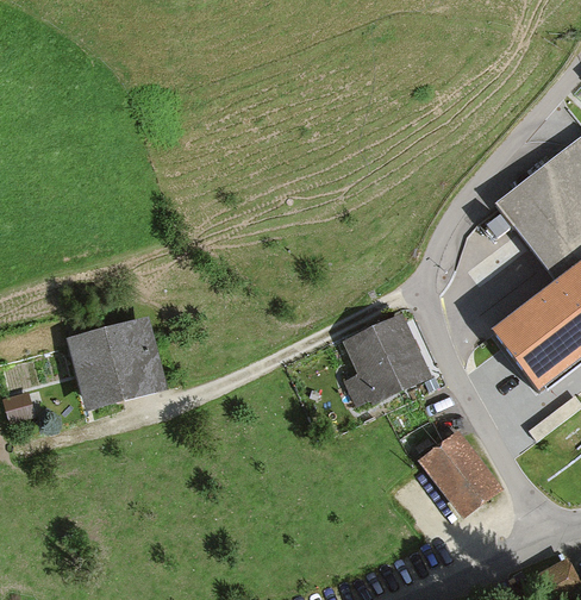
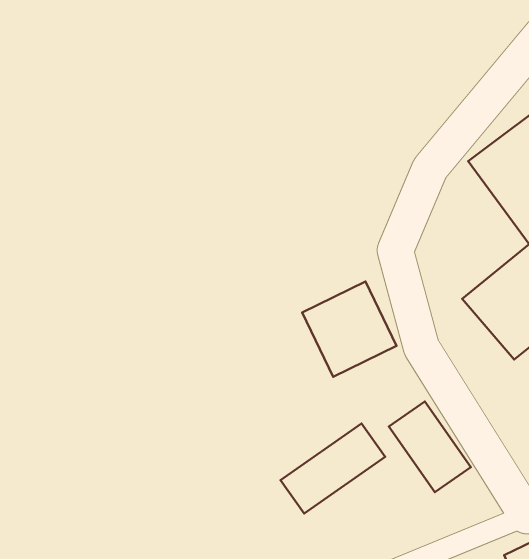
building: [70,321,164,410] -> none
building: none -> [280,424,385,513]

